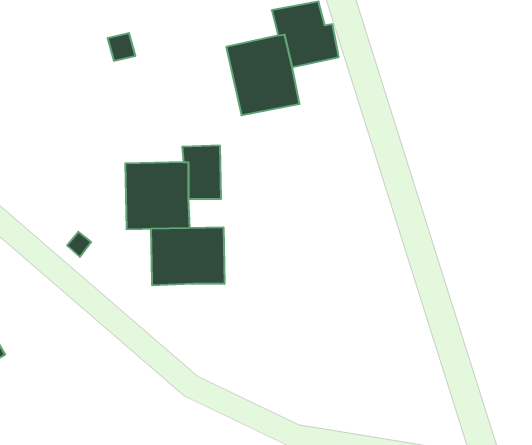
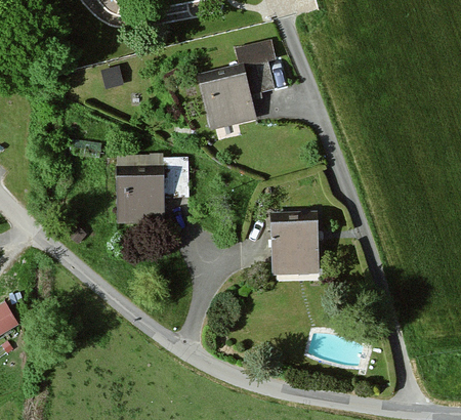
building: none -> [271,216,320,271]
building: [151,227,224,285] -> none

